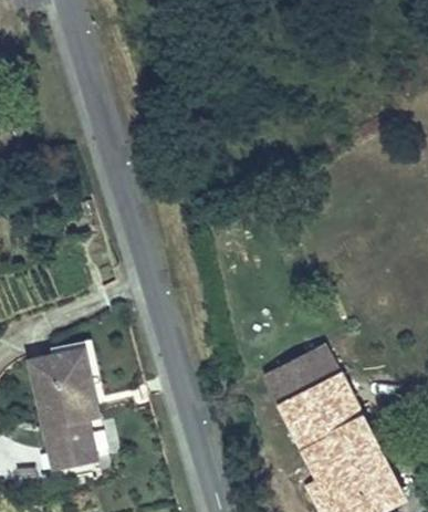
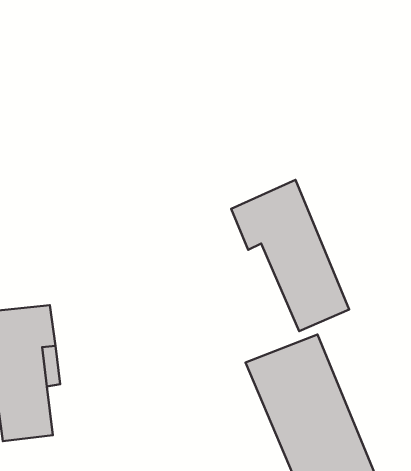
building: none -> [231,180,349,331]

